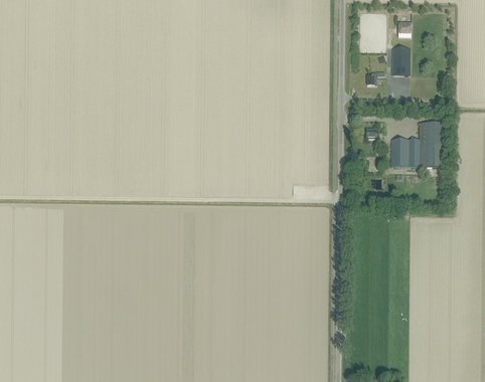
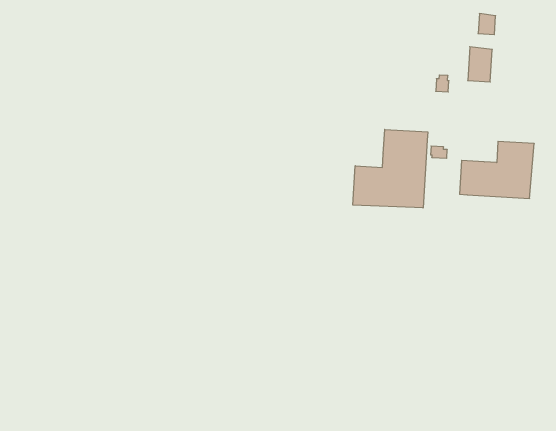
building: none -> [353,129,428,208]

